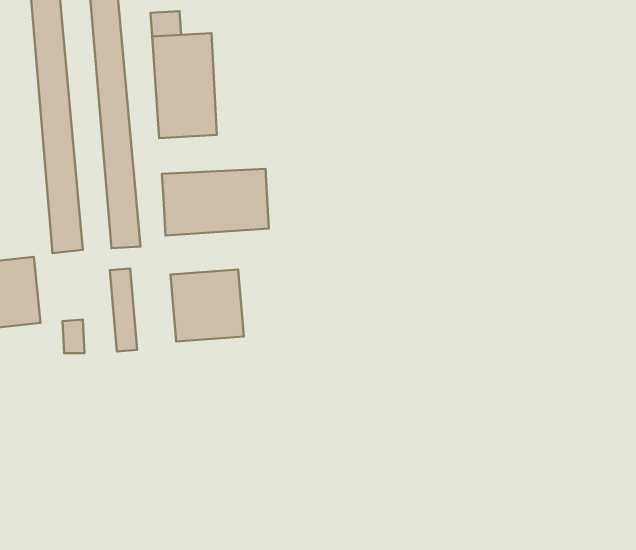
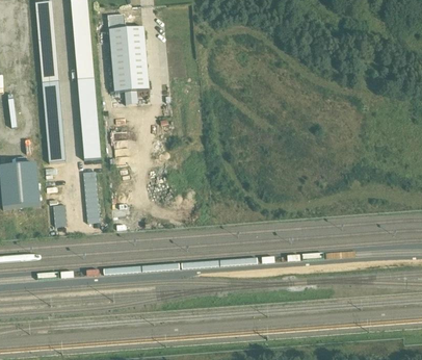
building: [162,169,269,235] -> none
building: [170,269,244,342] -> none

